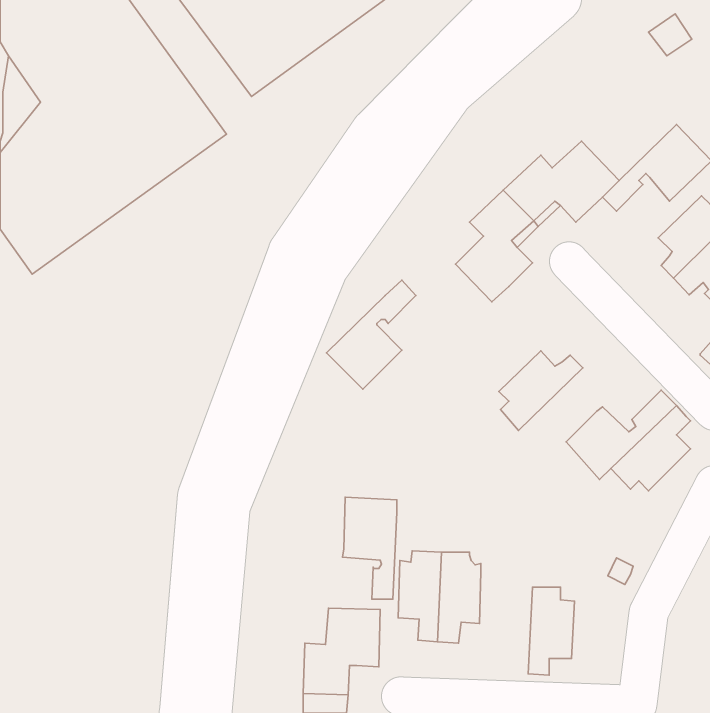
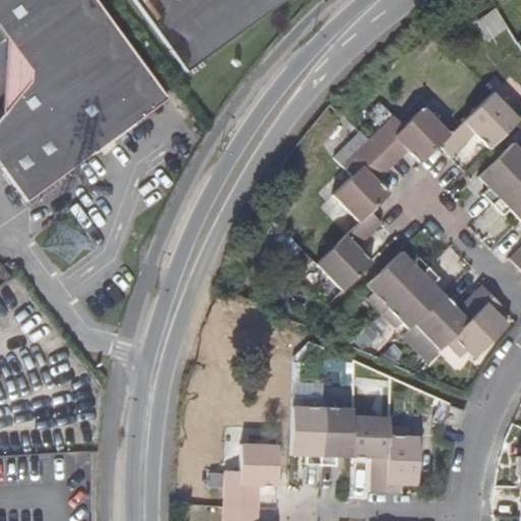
building: [327,280,416,389] -> [319,209,384,288]
building: none -> [381,268,438,328]
building: [342,497,397,599] -> [351,416,391,490]

